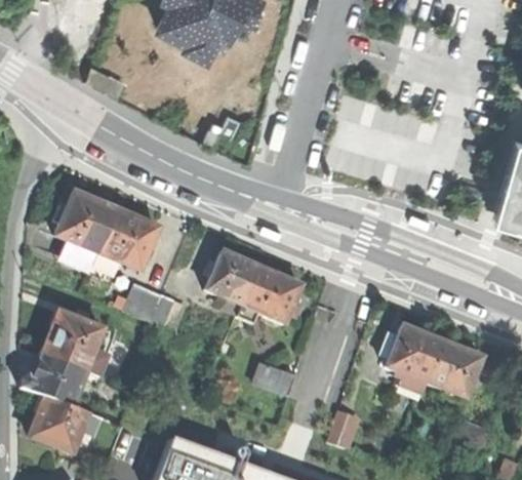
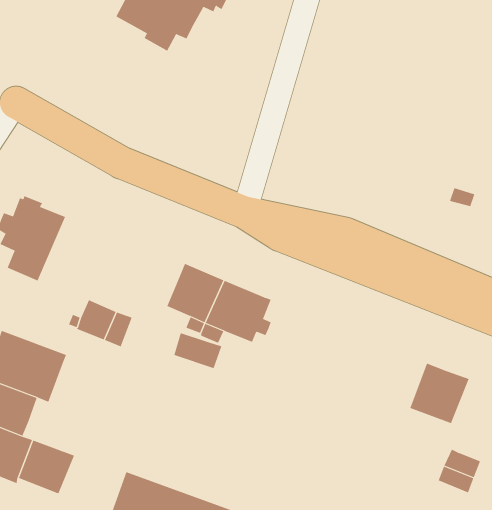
building: [88,208,156,279] -> none
building: [386,324,441,391] -> none
building: [251,362,295,395] -> [173,333,222,369]
building: [326,410,360,449] -> none

